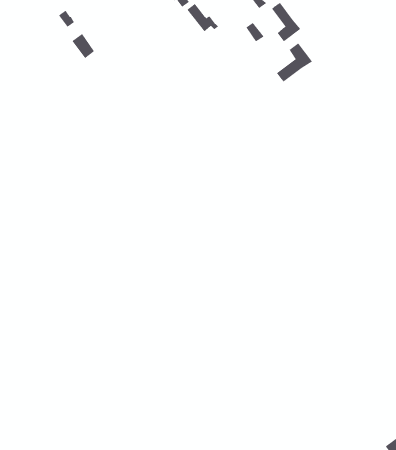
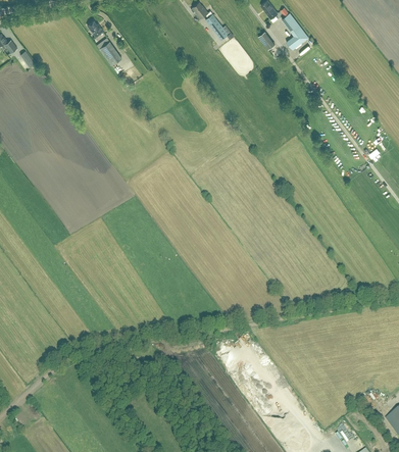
building: [276,42,313,83] -> none

